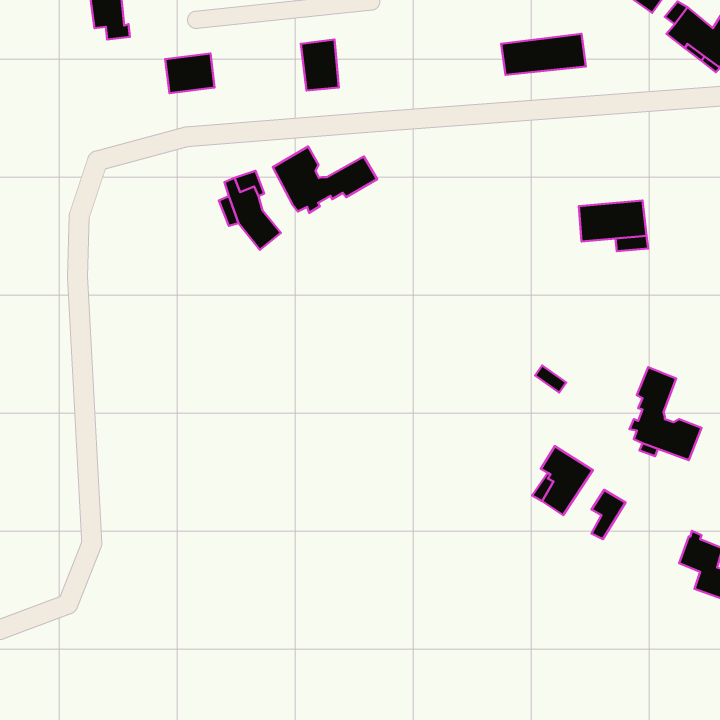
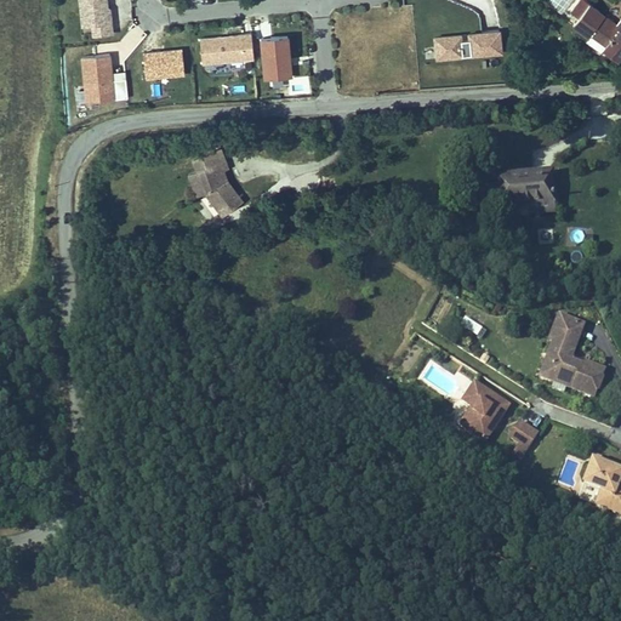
building: none -> [200,32,253,63]
building: none -> [81,53,116,103]
building: [273,147,377,213] -> none

